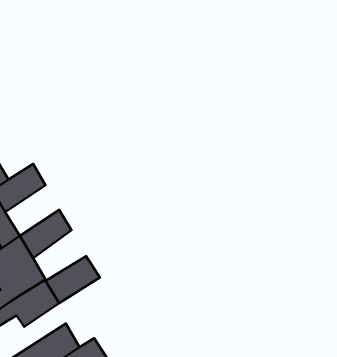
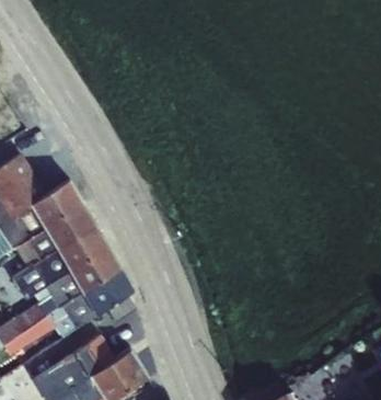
building: none -> [39,201,92,250]
building: none -> [67,244,118,294]

